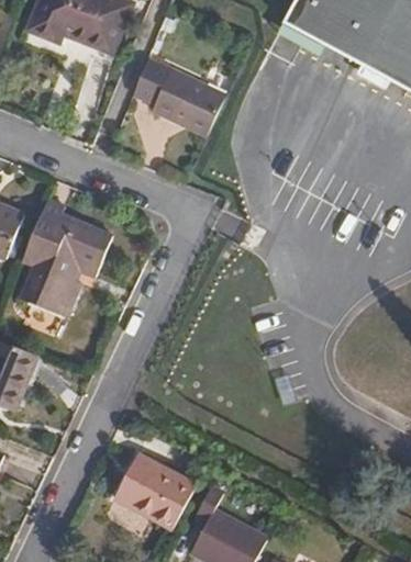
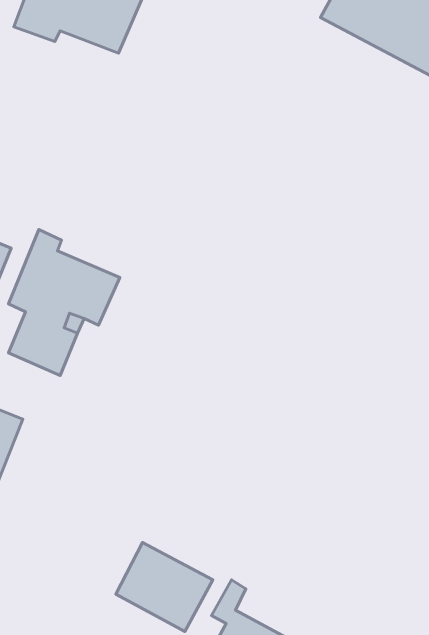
building: [133,58,227,133] -> none

